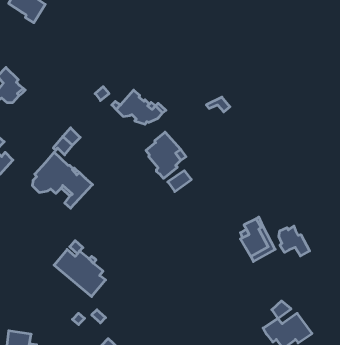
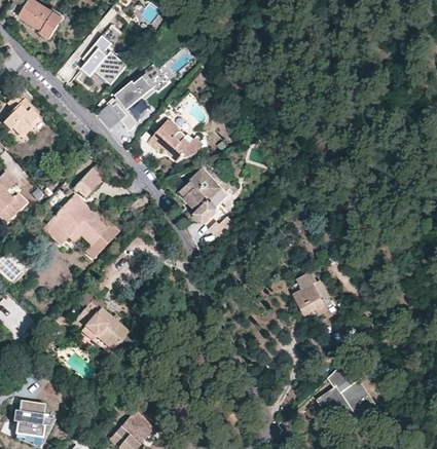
building: none -> [84,25,130,86]
building: none -> [117,76,157,110]
building: [279,226,310,256] -> none

